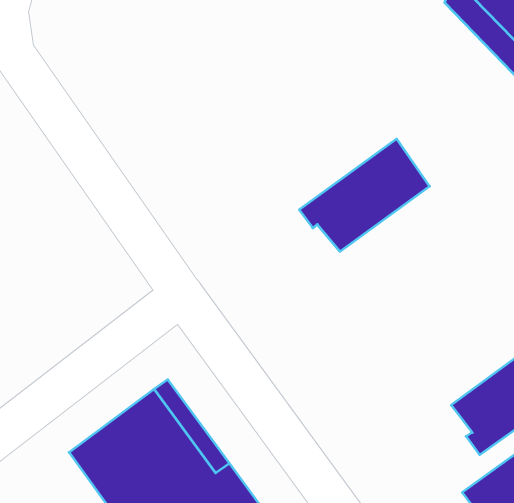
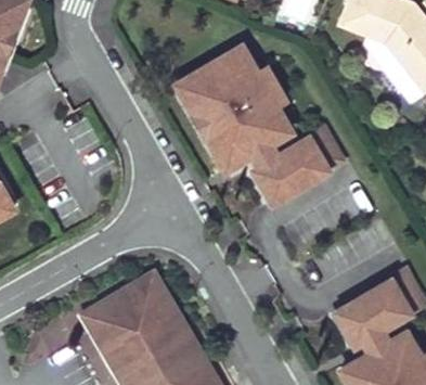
building: none -> [177,46,293,170]

